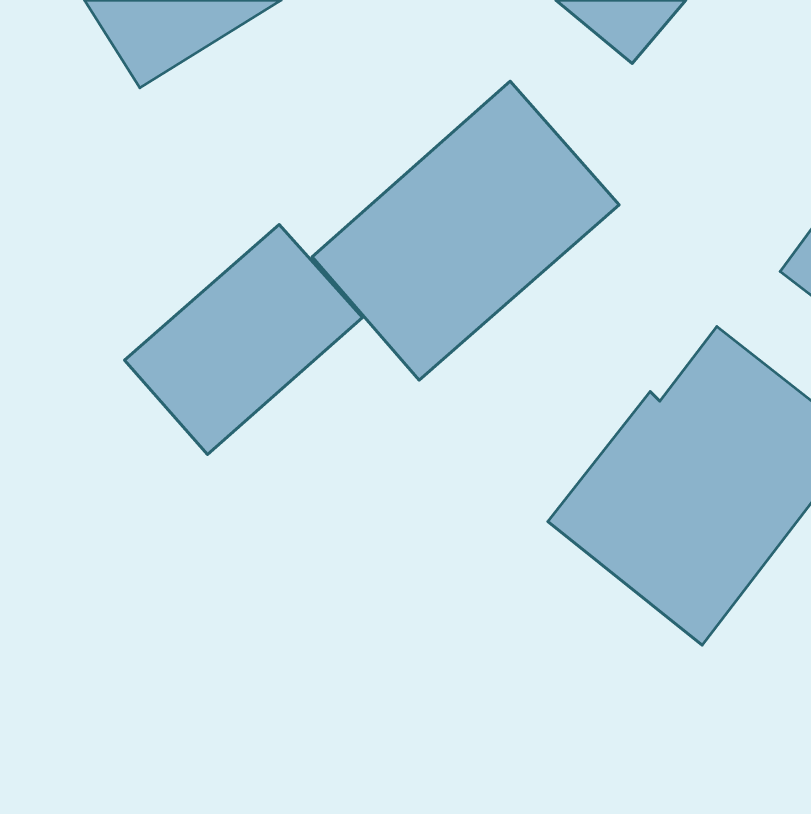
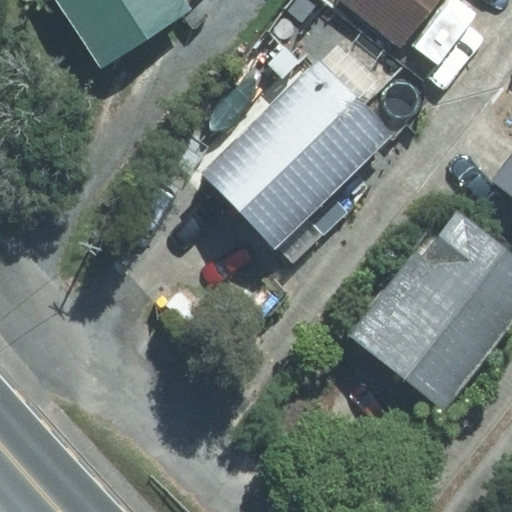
building: [124,224,362,455] -> none

